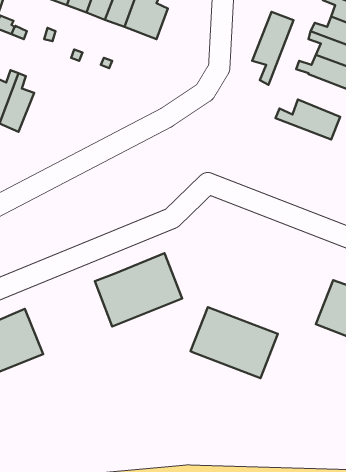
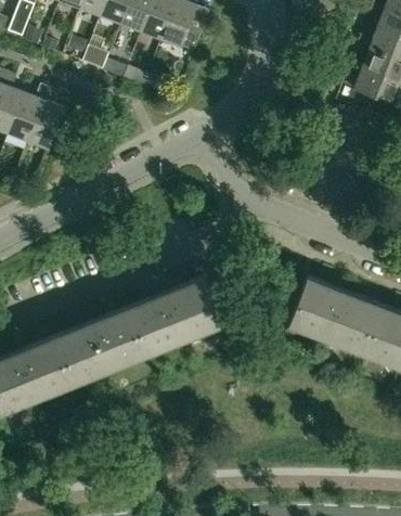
building: [252,12,293,85] -> none
building: [276,100,340,140] -> none
building: none -> [56,307,148,384]
building: [190,307,278,378] -> [289,278,381,352]

